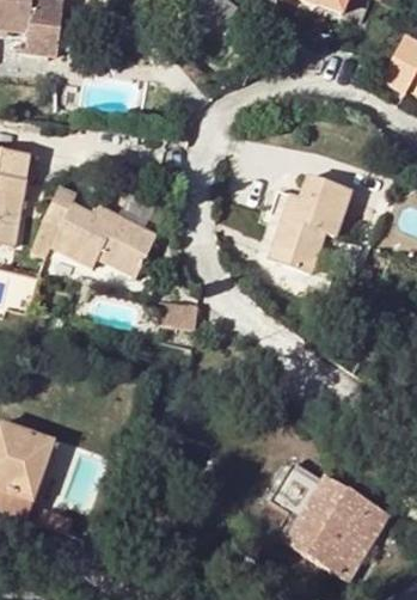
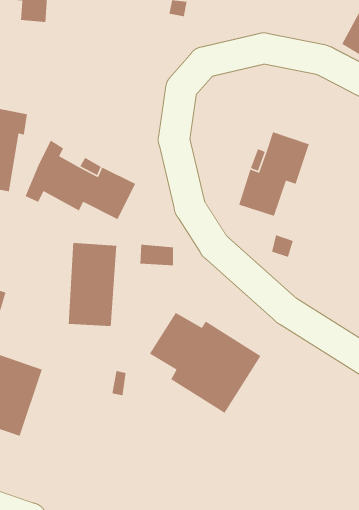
building: none -> [68,242,117,327]
building: [263,466,388,580] -> [149,312,261,414]

